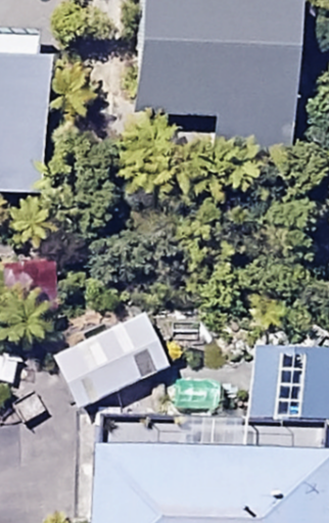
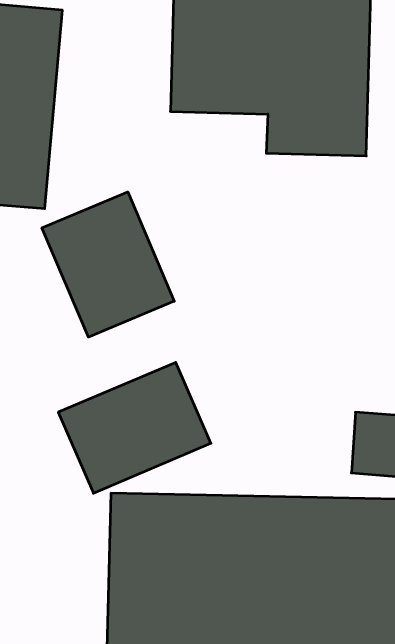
building: none -> [42,192,174,337]

